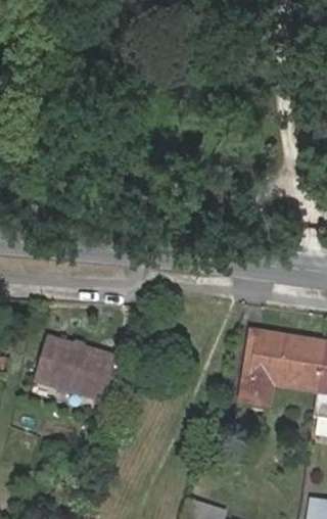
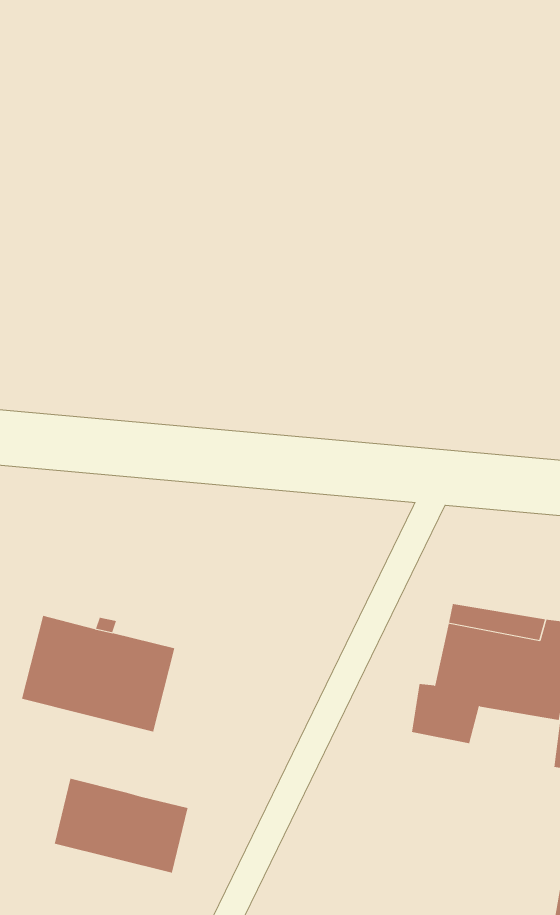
building: none -> [54,778,188,874]

